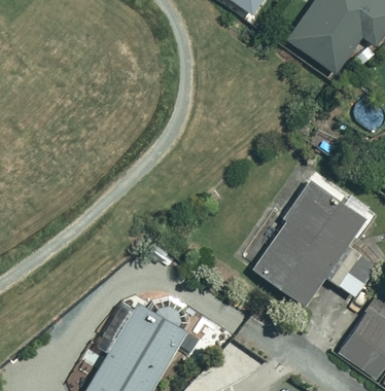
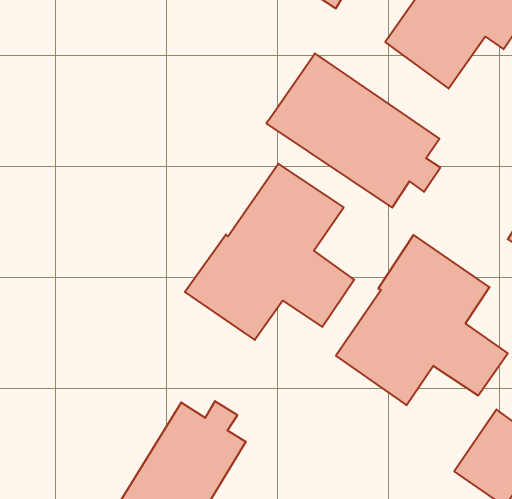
building: none -> [266,53,440,208]
building: none -> [185,164,354,340]

